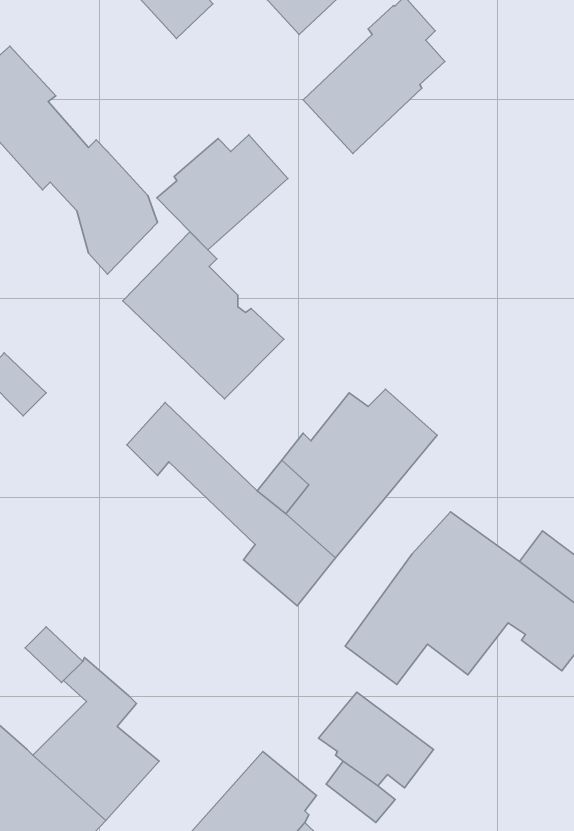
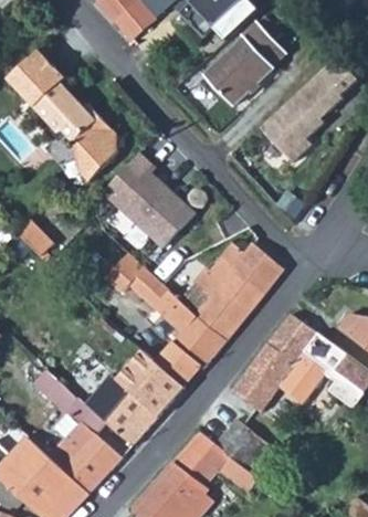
building: none -> [259,74,343,165]
building: [157,135,288,250] -> none
building: none -> [105,349,186,445]
building: none -> [182,433,229,477]

